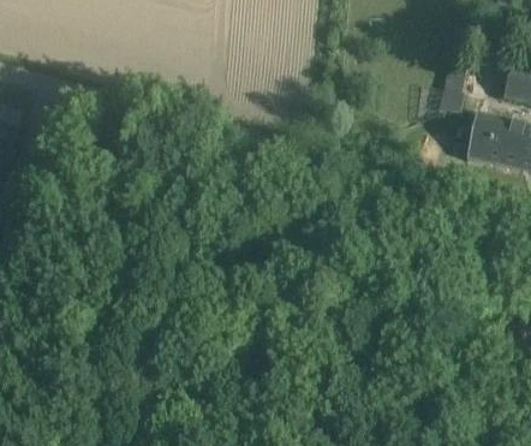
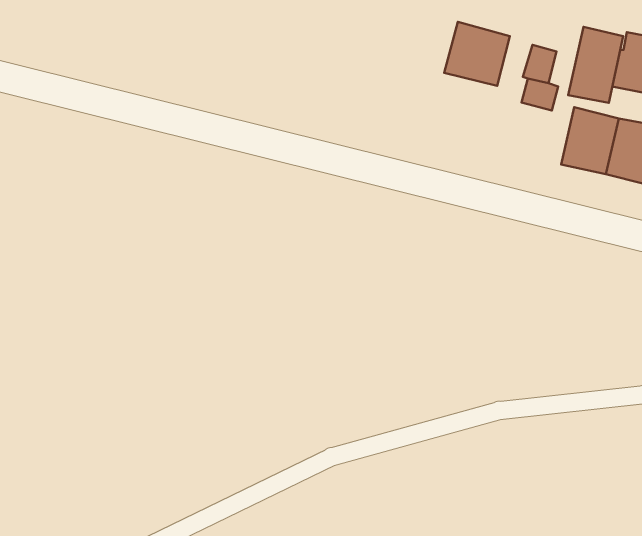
building: none -> [444,22,510,86]
building: none -> [568,27,623,103]

